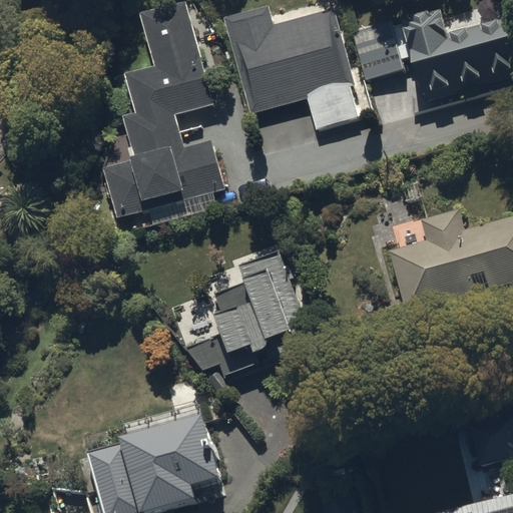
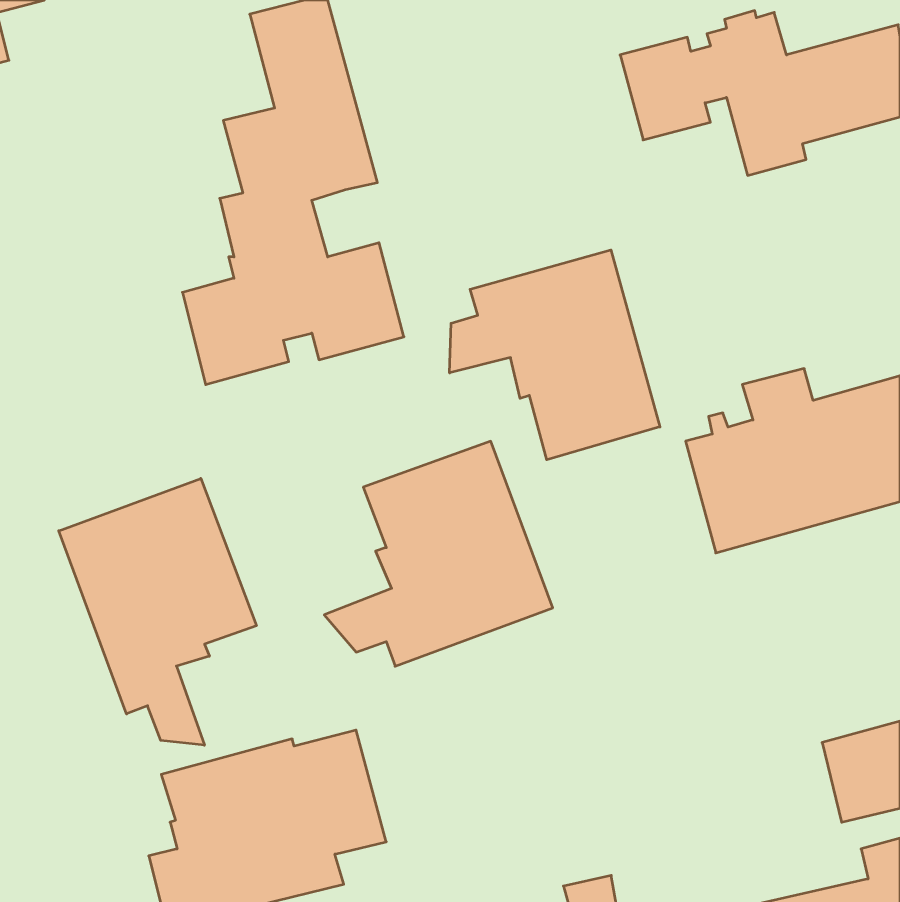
building: [222,7,367,132] -> none
building: none -> [450,250,660,460]
building: none -> [59,478,256,745]

